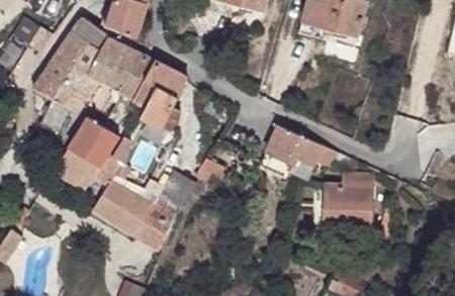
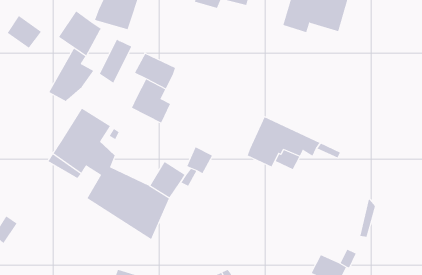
building: [88,36,124,81] -> none
building: [32,42,80,100] -> none
building: [121,53,155,106] -> none
building: [325,174,372,232] -> none

